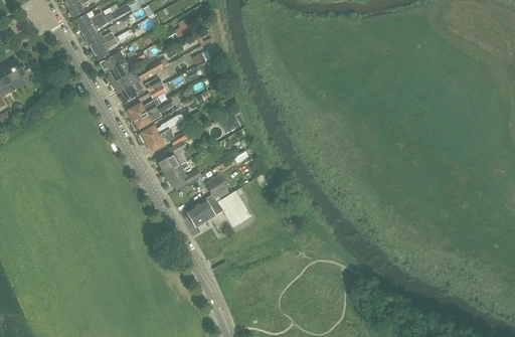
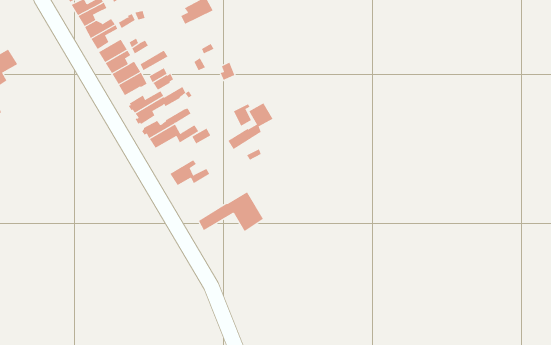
building: [157,141,187,174] -> none
building: [185,174,227,217] -> [228,103,274,150]

